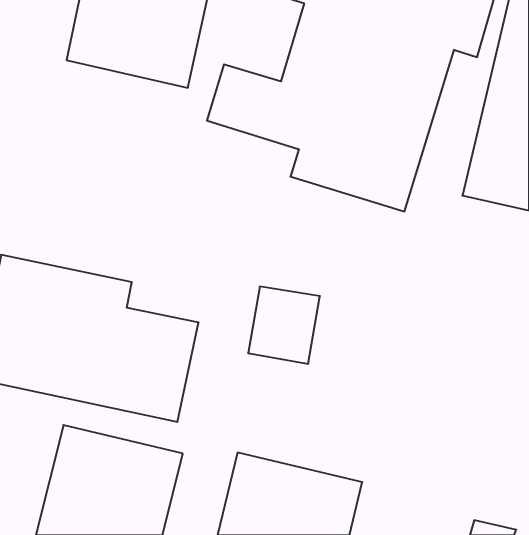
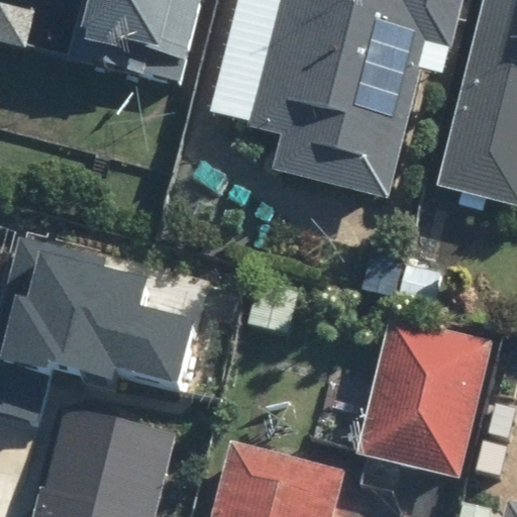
building: none -> [361,309,497,482]

